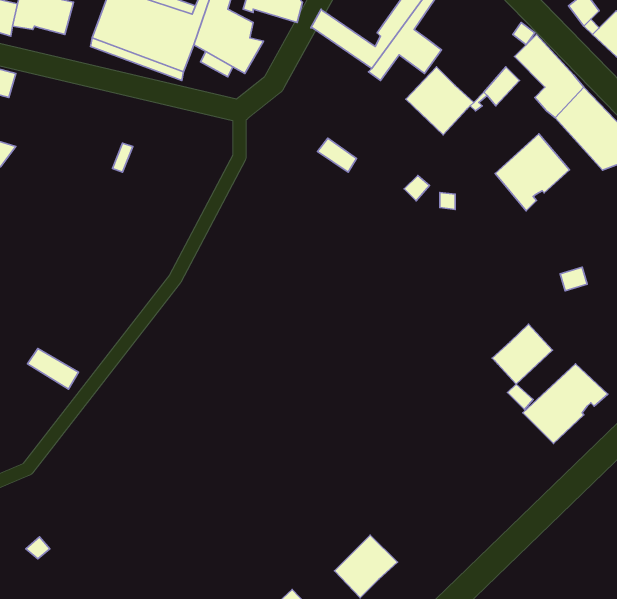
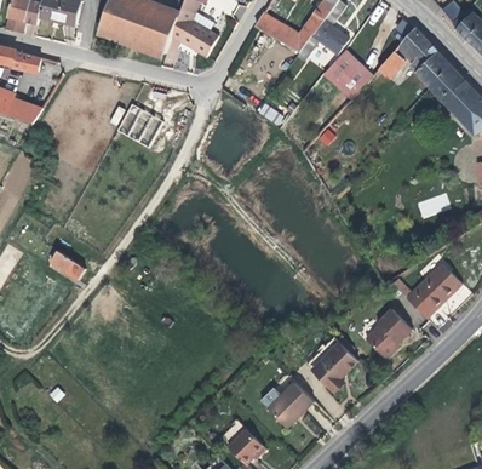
building: [495,134,570,211] -> none
building: none -> [117,103,165,147]
building: [492,324,552,384] -> none
building: none -> [366,309,412,360]
building: none -> [304,336,357,391]

